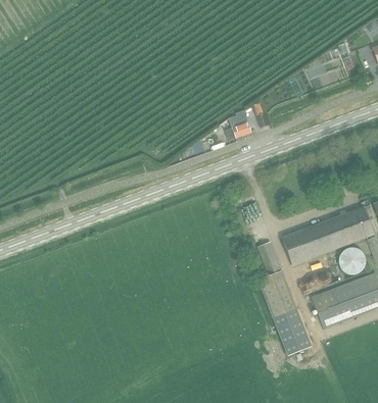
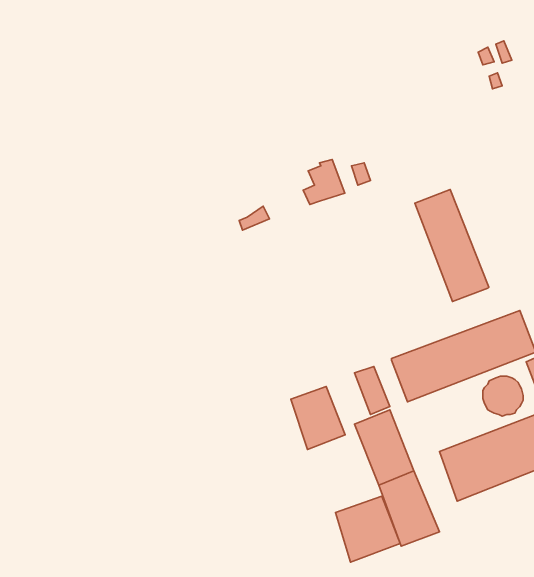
building: none -> [415,189,489,302]
building: none -> [291,387,345,449]
building: none -> [335,496,400,562]

